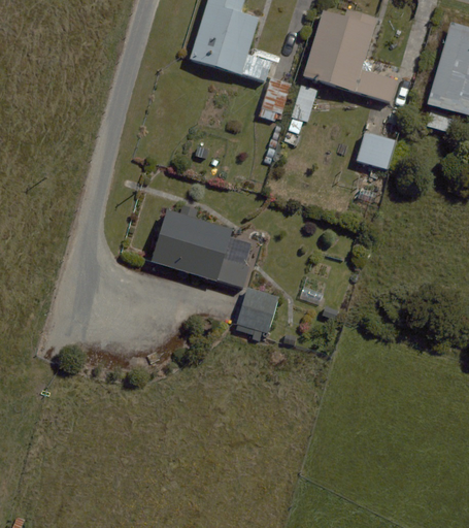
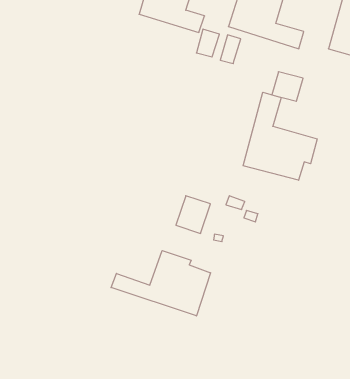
building: none -> [243,92,317,180]
building: [150,209,252,286] -> none
building: none -> [111,251,211,316]

